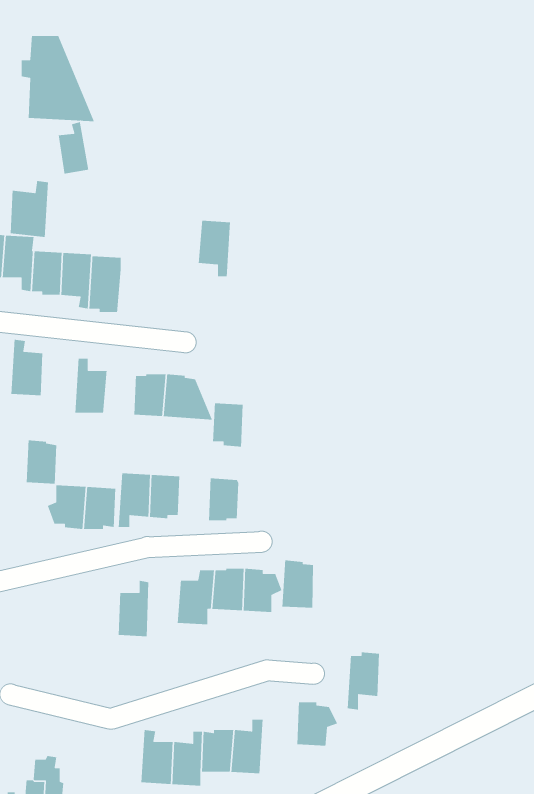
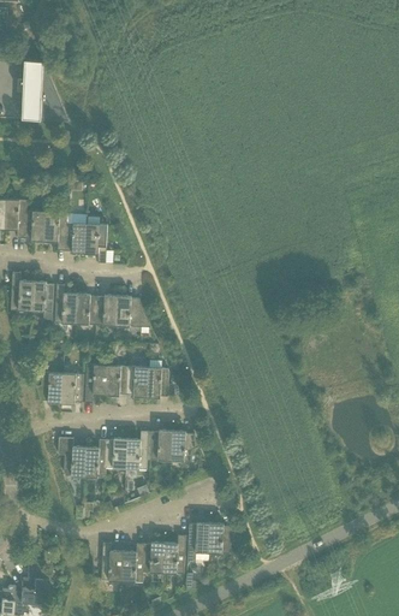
building: [58,121,89,174] -> none
building: [10,180,49,238] -> none
building: [198,220,231,277] -> [84,224,107,263]
building: none -> [75,294,96,325]
building: [212,402,244,447] -> [126,367,148,398]
building: [26,439,57,485] -> [31,282,53,313]
building: [282,560,314,608] -> none
building: none -> [58,438,85,478]
building: none -> [105,438,127,479]
building: [347,652,380,711] -> [186,522,209,563]

